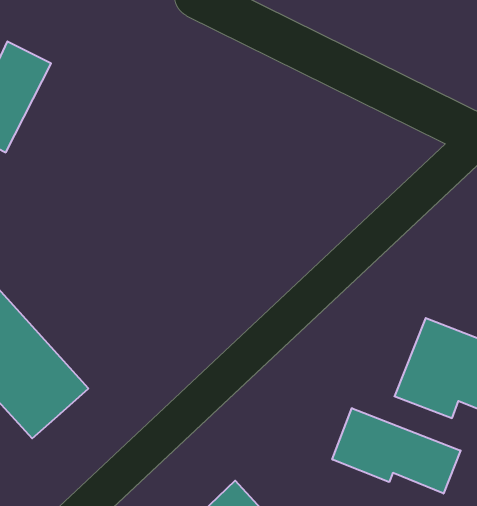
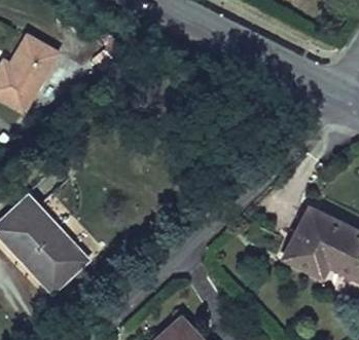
building: [332,408,461,494] -> none

